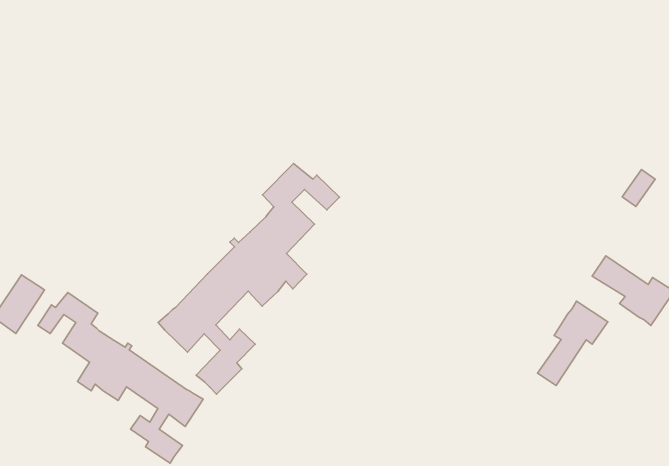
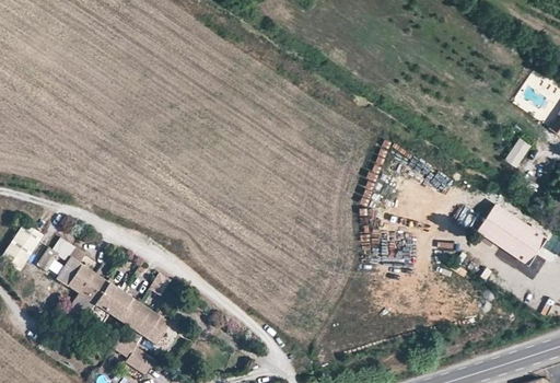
building: [158,163,339,394] -> none
building: [538,301,608,386] -> none

